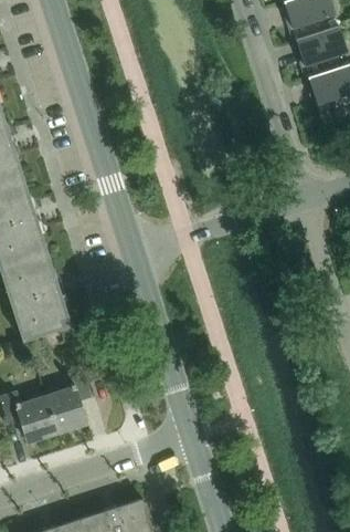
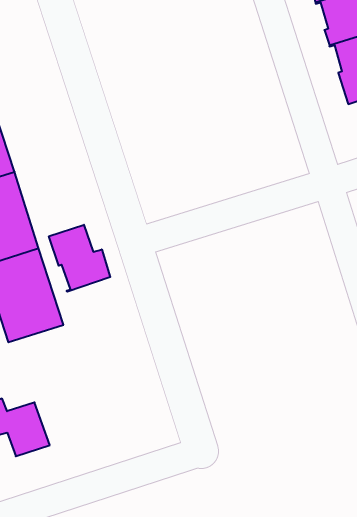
building: none -> [49,225,110,292]
building: [45,368,93,431] -> none

